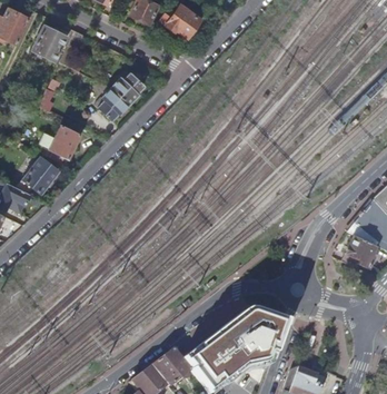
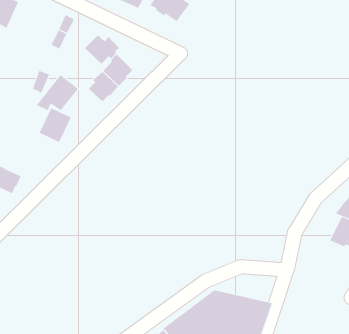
building: [32,27,64,60] -> none
building: none -> [84,34,120,64]
building: [17,156,60,193] -> [36,75,79,111]

